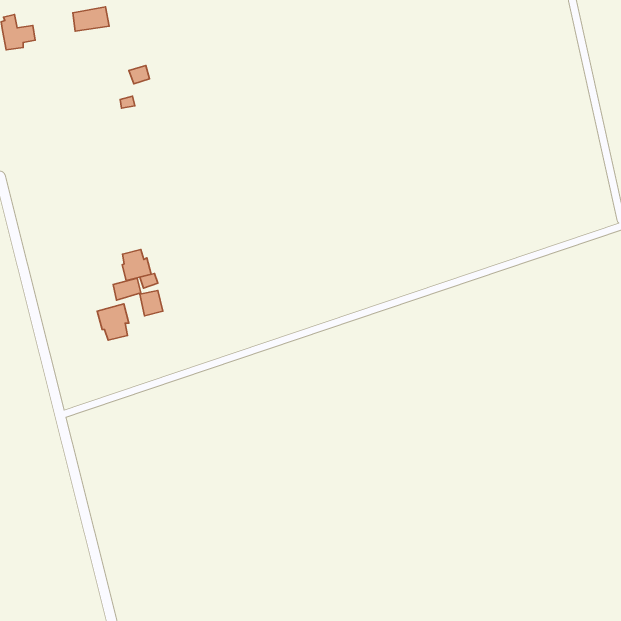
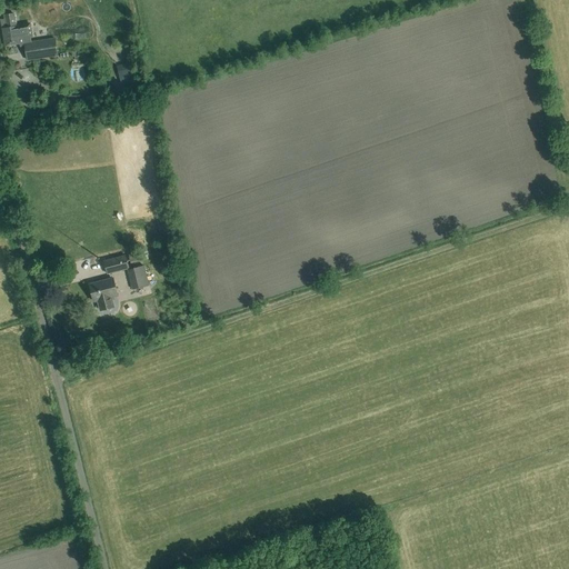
building: [73,7,109,31] -> [24,38,58,60]
building: [122,249,151,280] -> none

